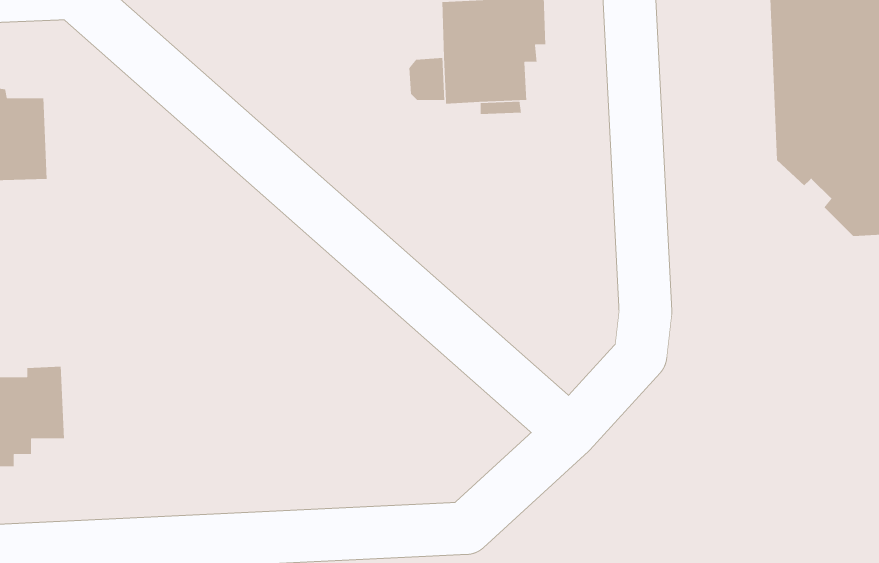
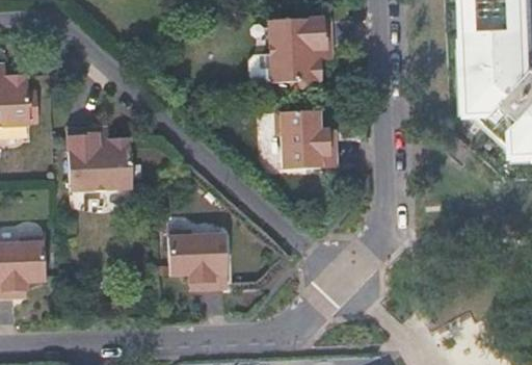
building: none -> [271,108,334,170]
building: none -> [69,133,133,198]
building: none -> [165,227,225,285]

